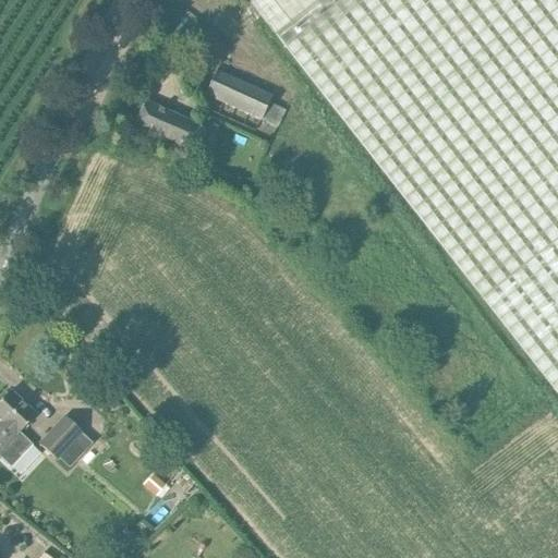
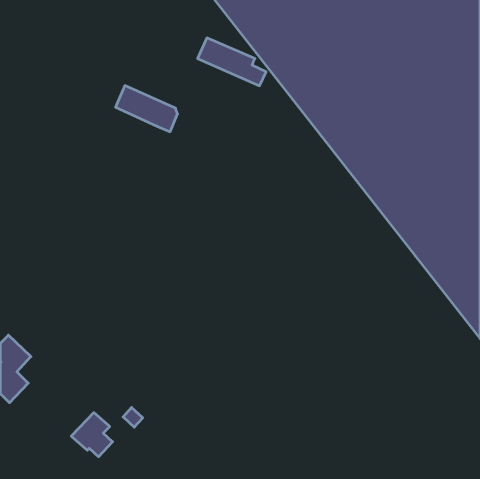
building: [205,70,284,125] -> [198,38,266,86]
building: [38,415,86,466] -> [71,413,113,457]

